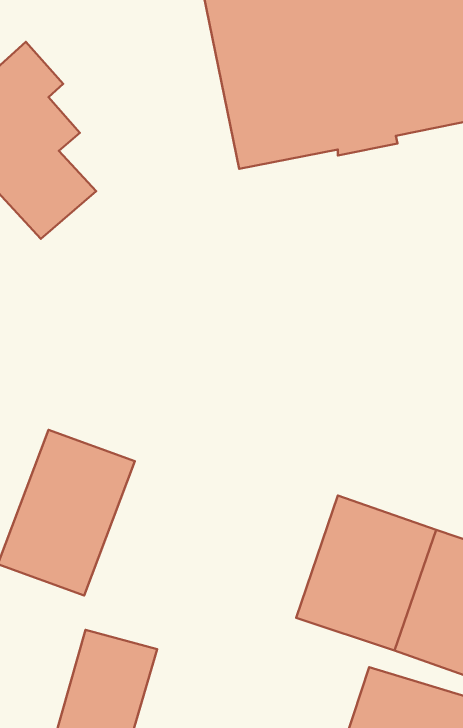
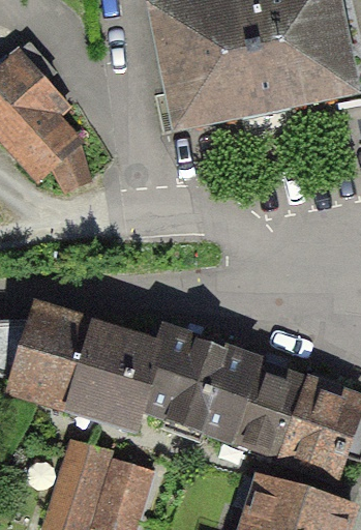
building: none -> [67,329,162,445]
building: none -> [147,330,243,438]

